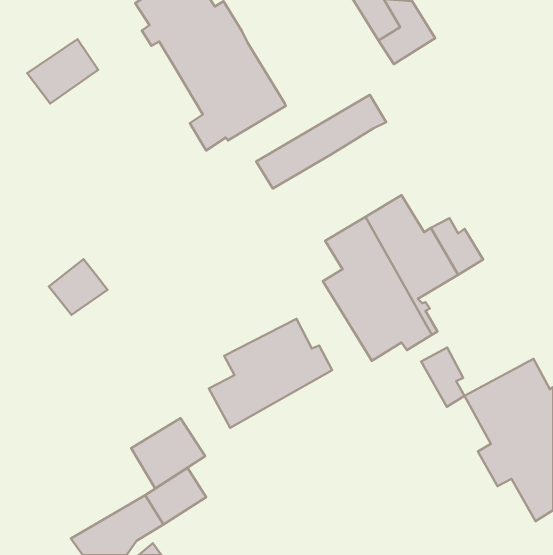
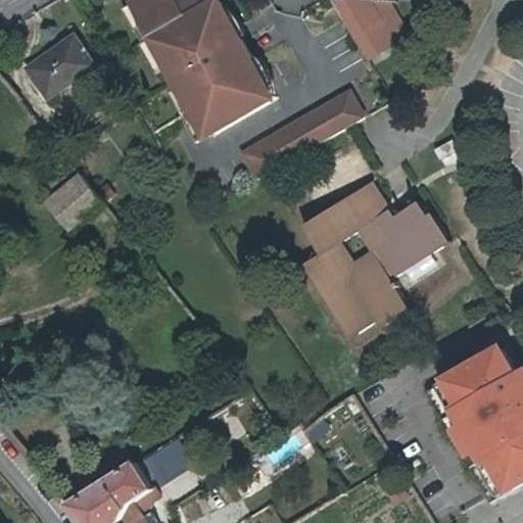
building: [49,259,108,315] -> [46,175,101,227]
building: [209,319,332,428] -> none
building: [421,348,465,407] -> none
building: [131,418,205,489] -> none

